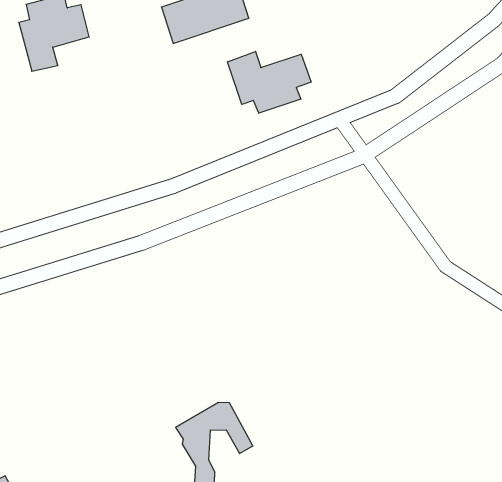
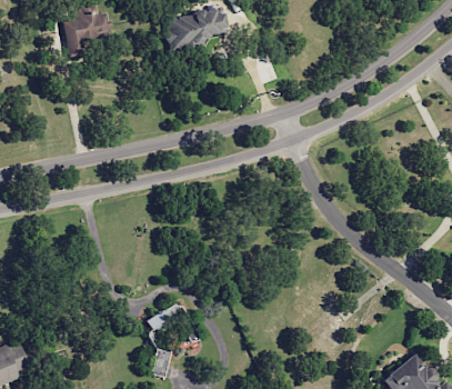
building: [227,51,311,113] -> none

